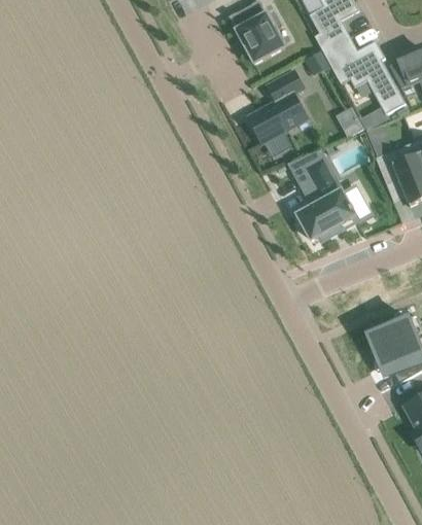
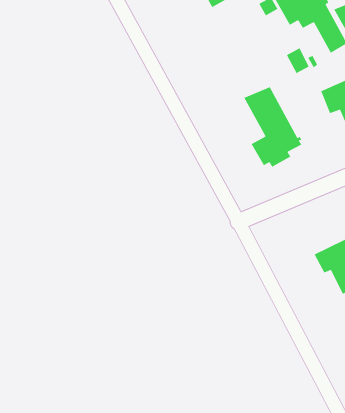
building: [247,71,308,144] -> none

